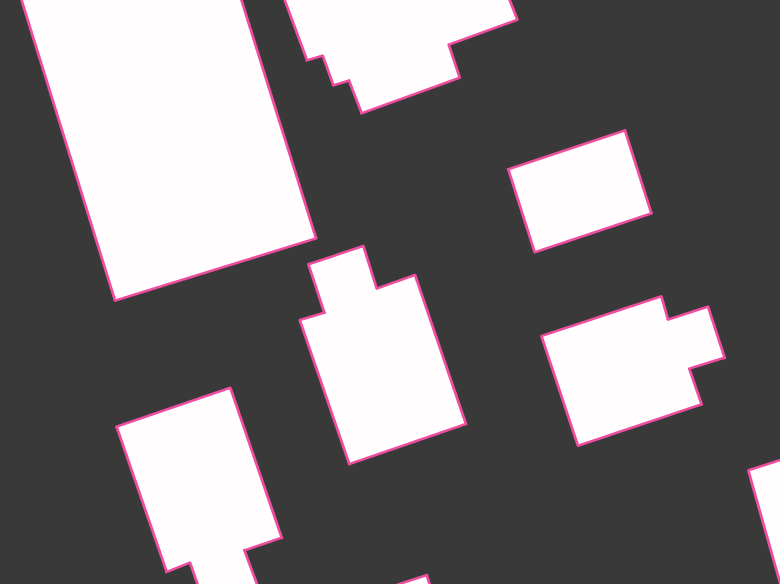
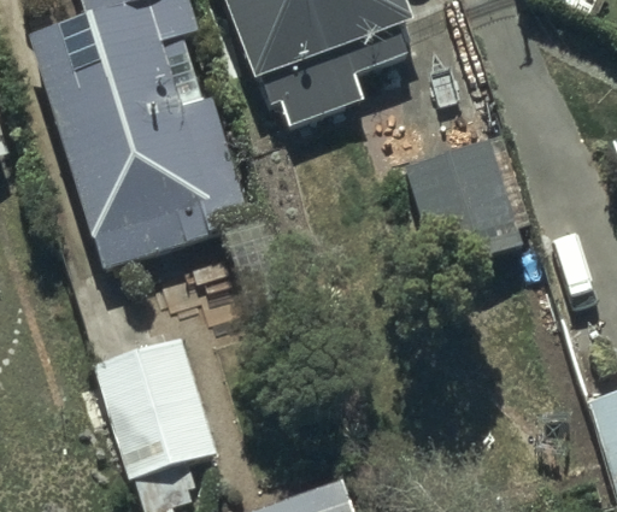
building: [300,246,466,464] -> none
building: [542,296,725,446] -> none

